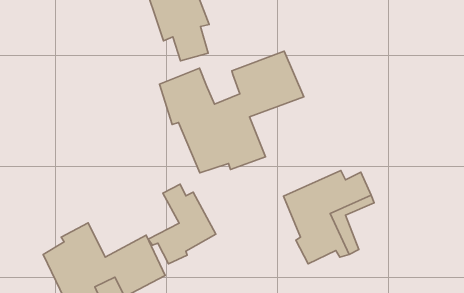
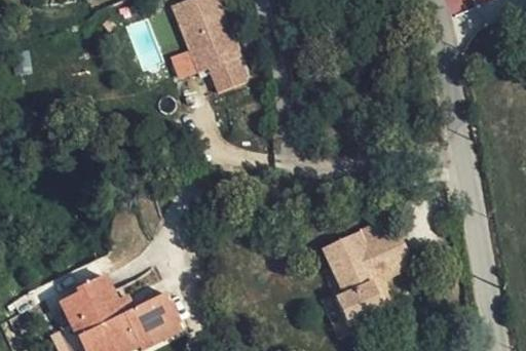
building: [159,51,304,173] -> none
building: [148,184,216,264] -> none

